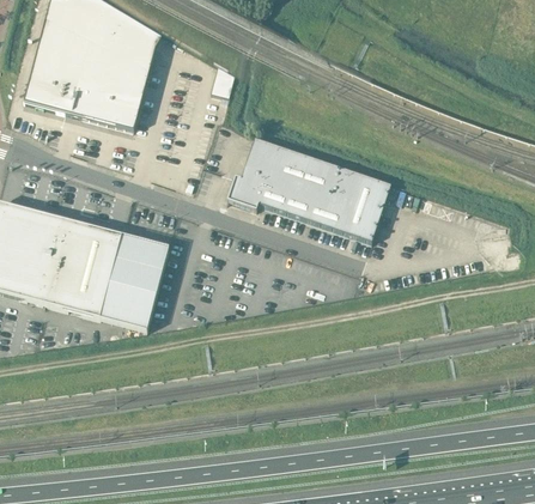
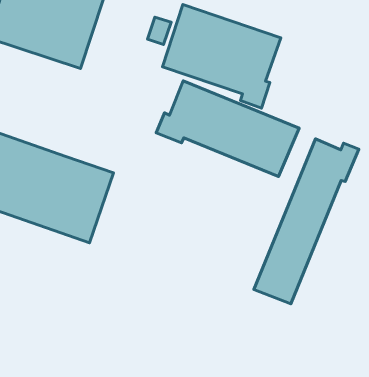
building: none -> [162,5,281,108]
building: none -> [254,139,359,304]

